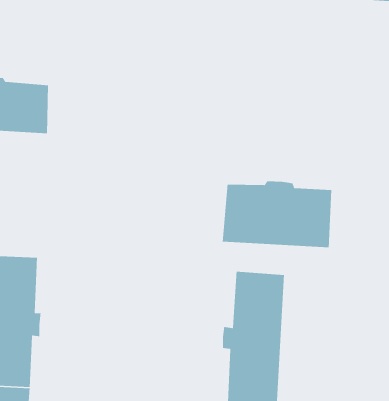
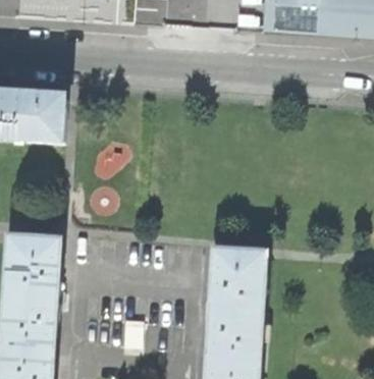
building: [222,181,332,248] -> none

